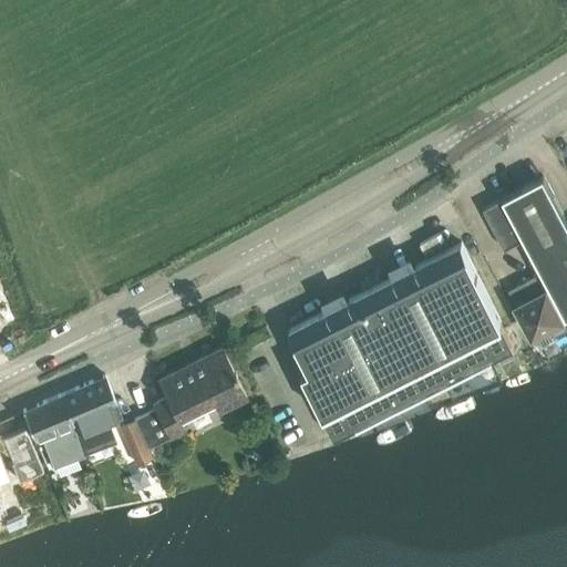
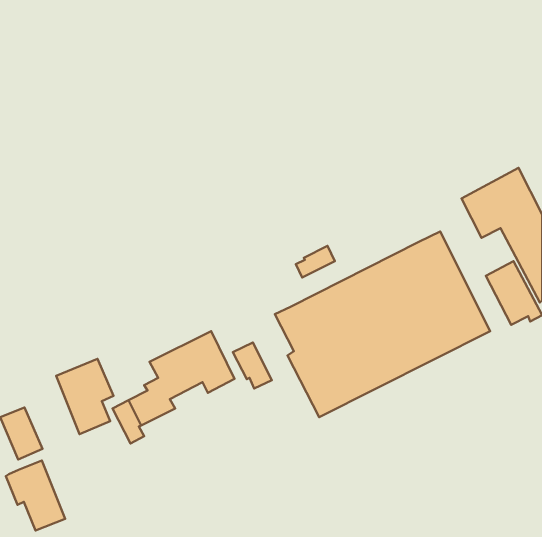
building: none -> [296,246,335,277]
building: none -> [233,342,272,389]
building: [21,398,83,471] -> [6,460,65,530]

